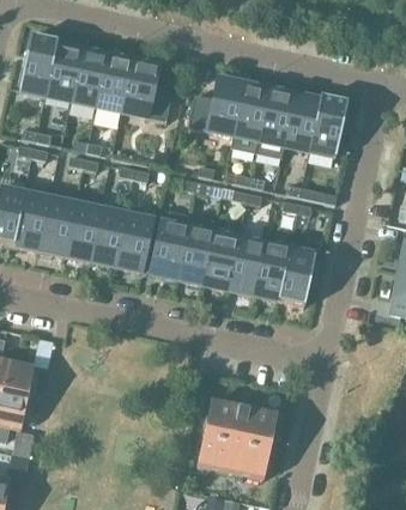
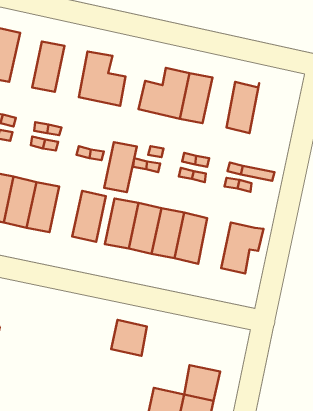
building: [44,41,80,101] -> none
building: [95,55,131,111] -> none
building: [257,90,293,145] -> none
building: [309,96,347,156] -> none
building: [89,210,125,265] -> [104,142,137,192]
building: [253,244,289,299] -> none
building: [204,399,243,438] -> [111,320,147,356]

